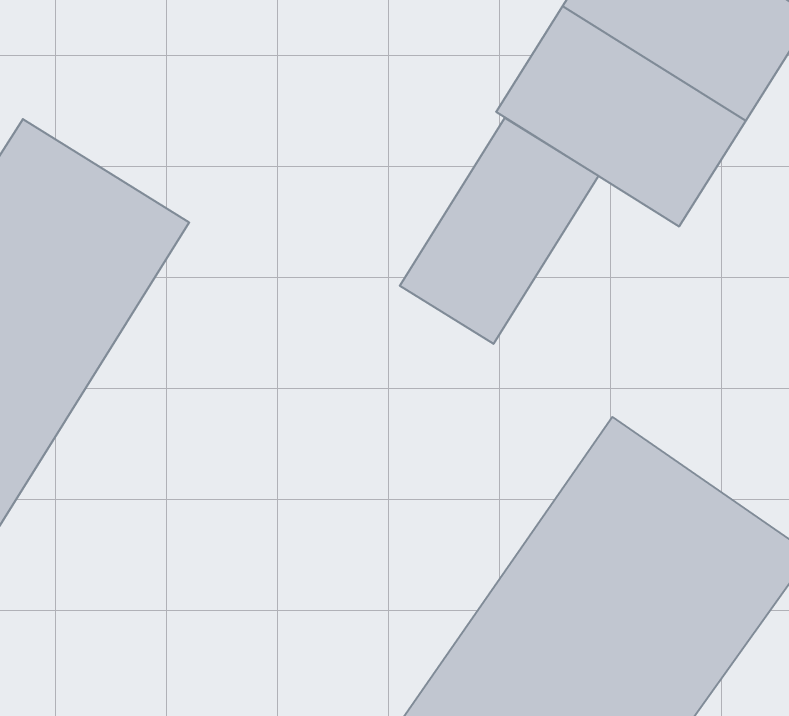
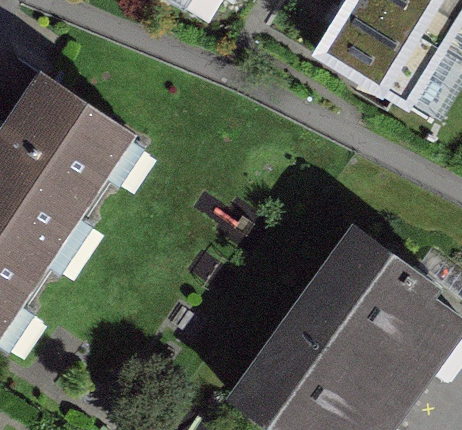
building: [400,118,599,344] -> none

